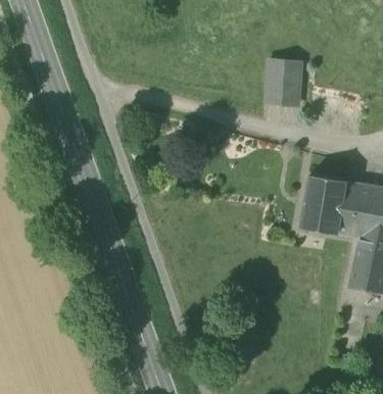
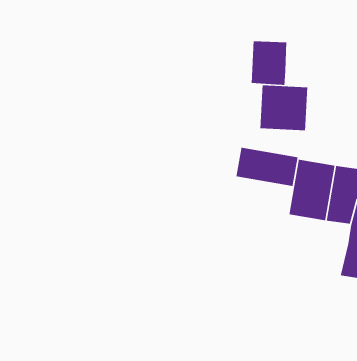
building: none -> [259,85,308,131]
building: none -> [235,147,298,187]

